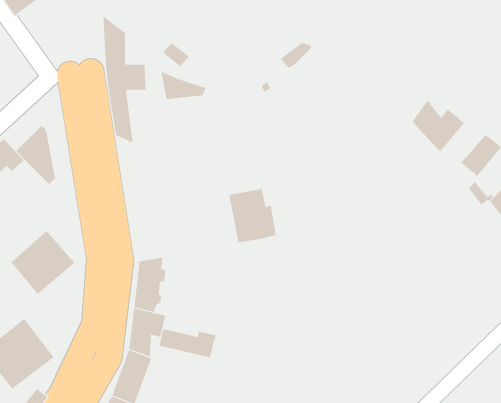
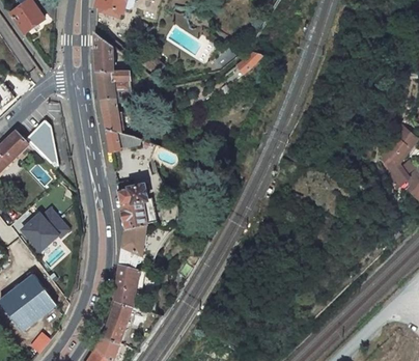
building: [161,71,206,99] -> [105,128,141,150]
building: [412,100,465,152] -> none
building: [229,188,277,243] -> [116,185,155,228]
building: [159,328,216,358] -> none

